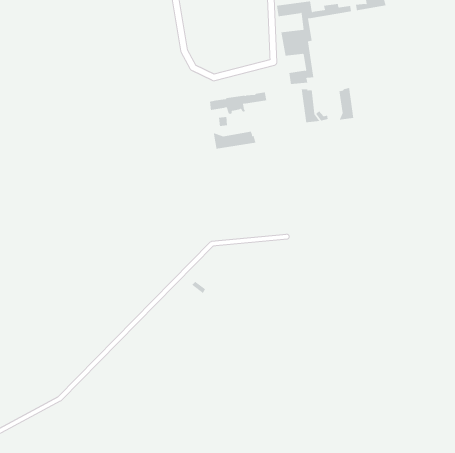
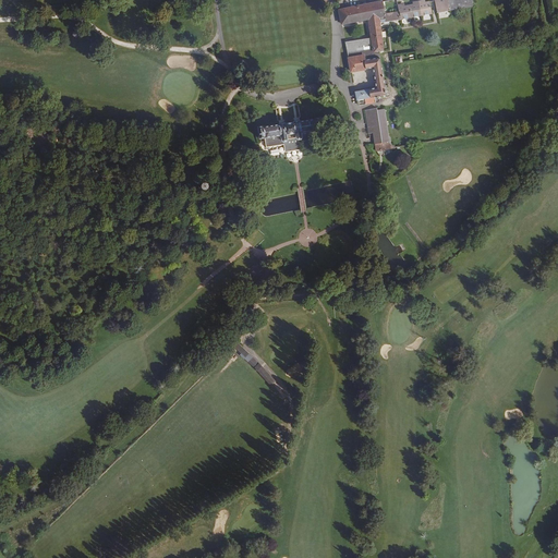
building: [339,87,354,121] -> none
building: [213,131,256,150] -> none

